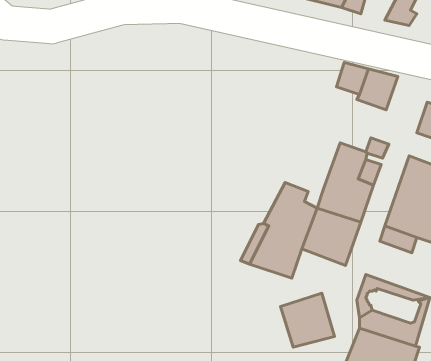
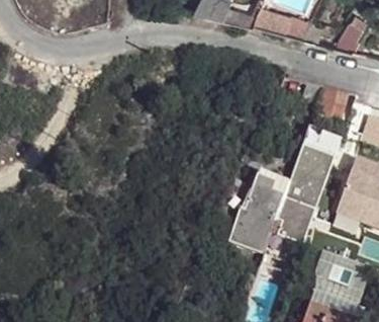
building: [280,293,334,347] -> none

